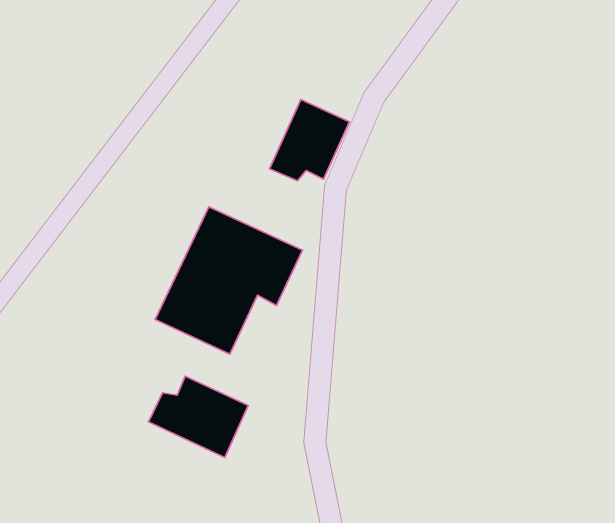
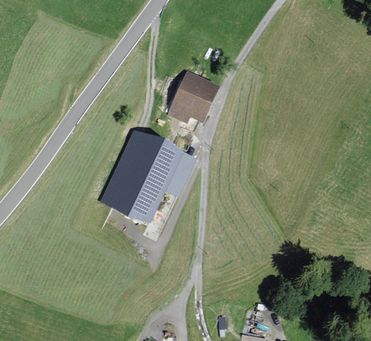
building: [149,376,248,457] -> none

